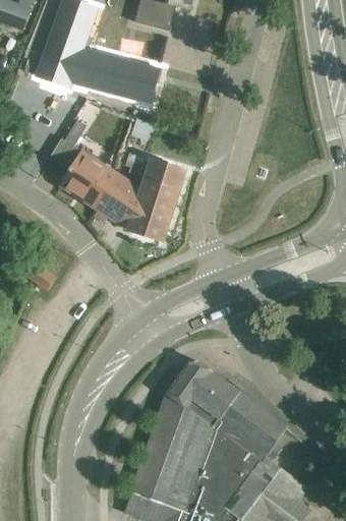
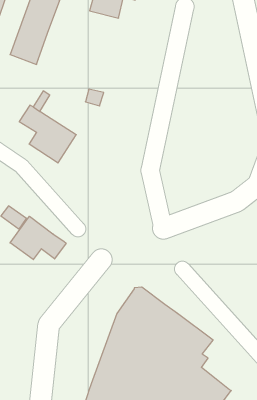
building: [88,53,160,103] -> none
building: [96,153,184,240] -> none
building: none -> [10,216,66,260]

